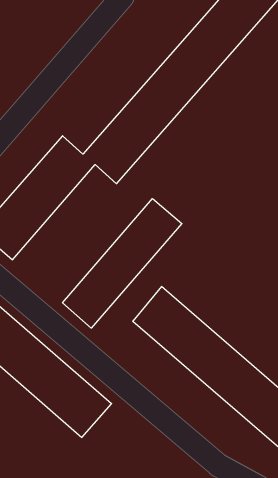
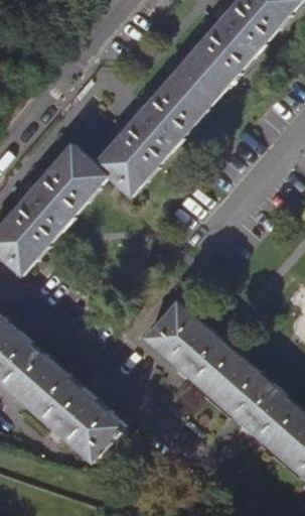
building: [63,199,182,328] -> none

